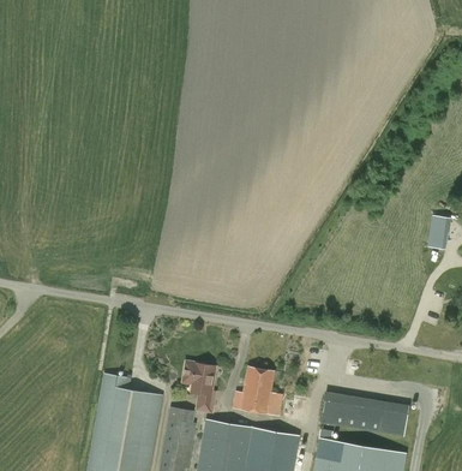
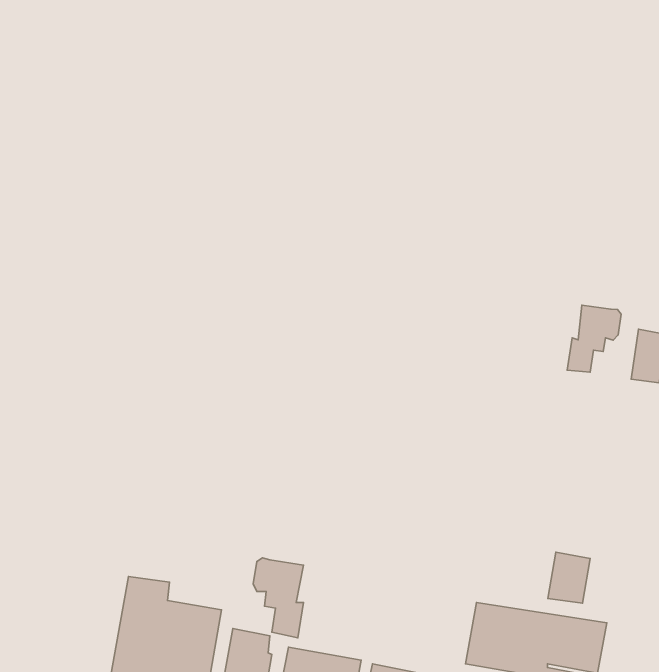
building: none -> [567,305,621,372]
building: none -> [548,552,590,603]
building: [233,366,283,416] -> none

